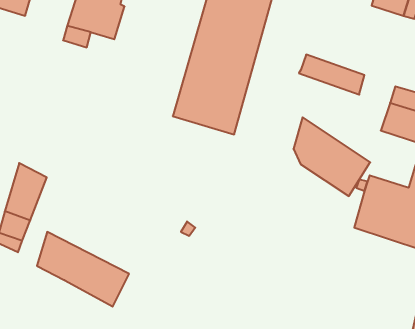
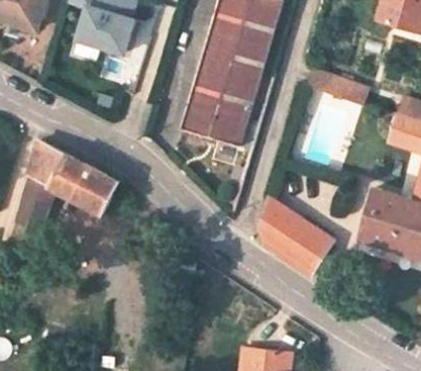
building: [293,117,370,196] -> [256,195,332,273]
building: [37,232,129,307] -> [29,141,120,214]

